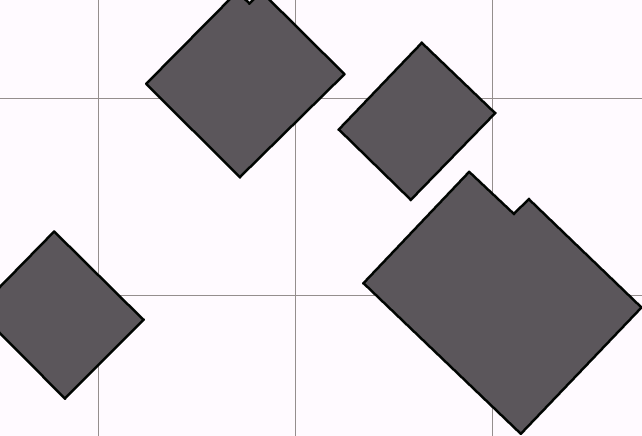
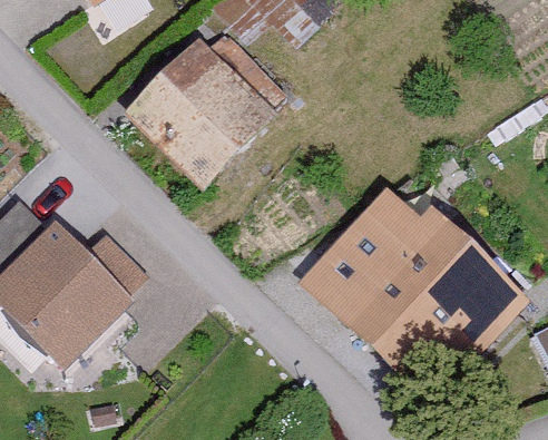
building: [339,43,495,200] -> none

